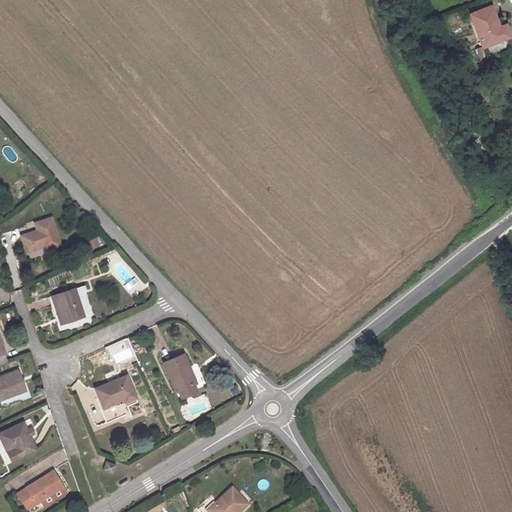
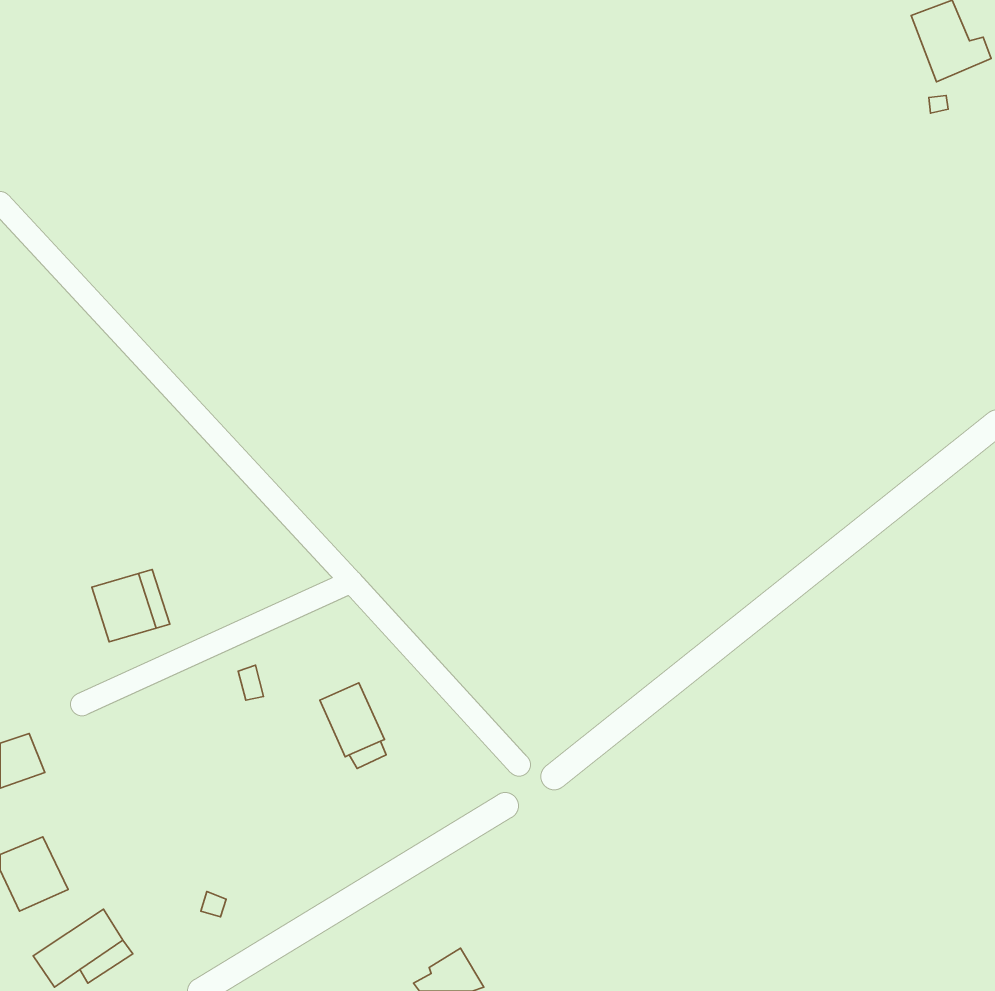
building: [17,218,56,253] -> none
building: [93,380,134,412] -> none

